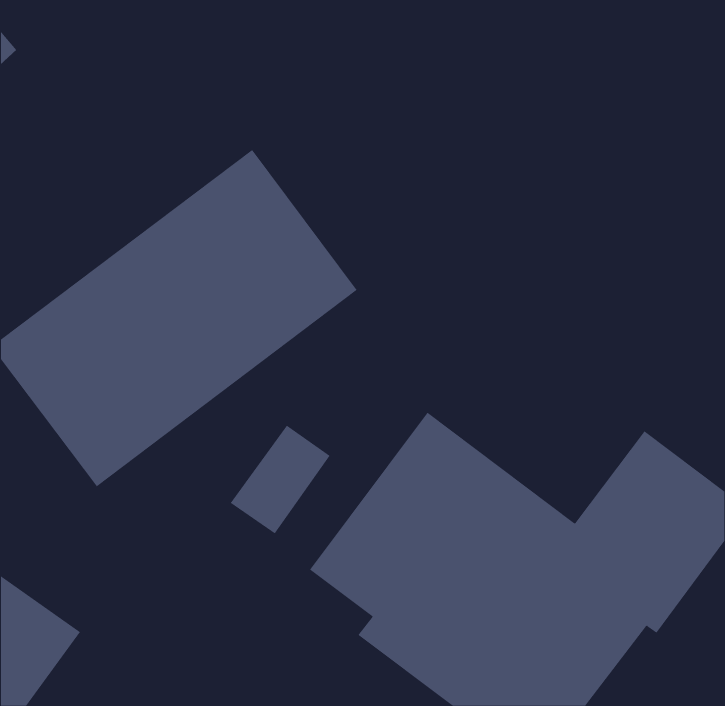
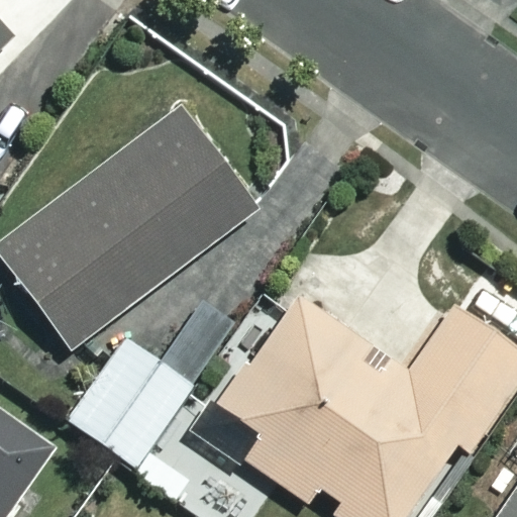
building: none -> [69,338,199,470]

